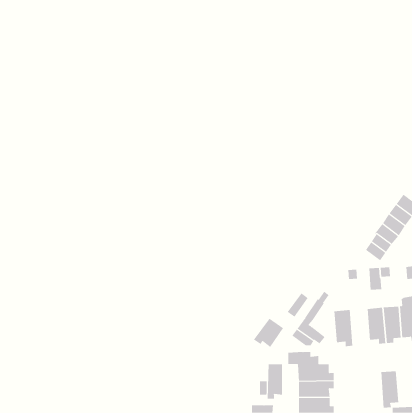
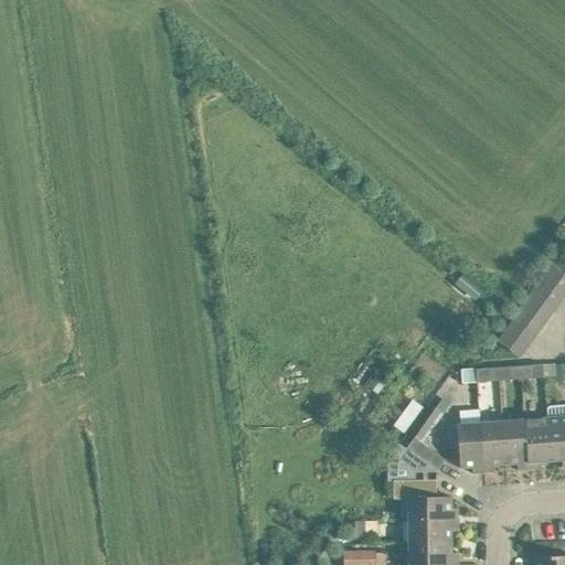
building: [253,318,284,348] -> none
building: [267,363,282,399] -> none
building: [380,371,399,408] -> [480,422,505,472]

